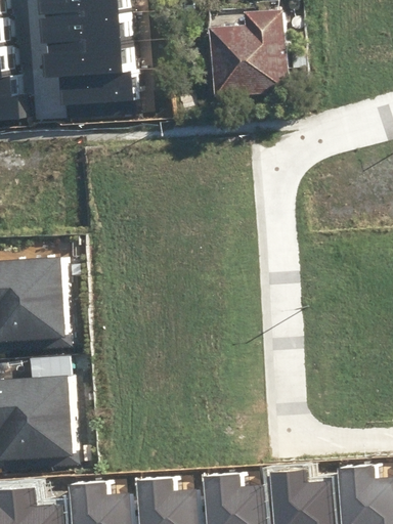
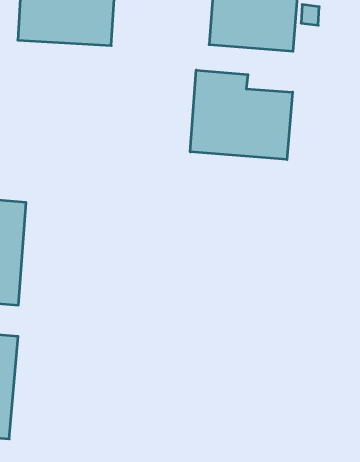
building: none -> [190,70,293,160]

